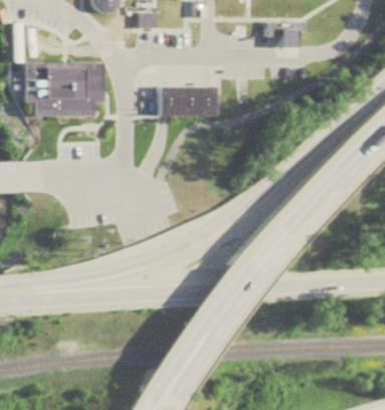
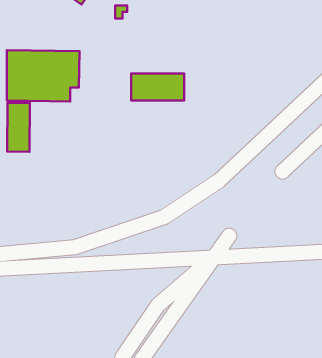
building: none -> [7,103,30,152]

